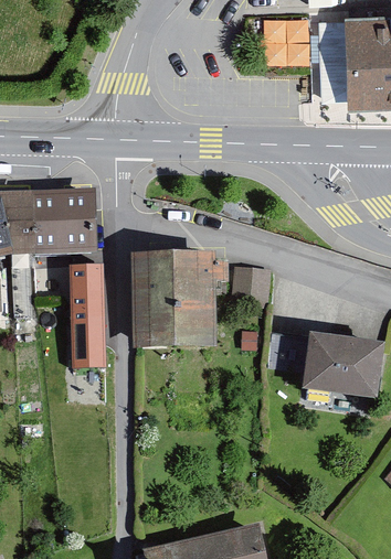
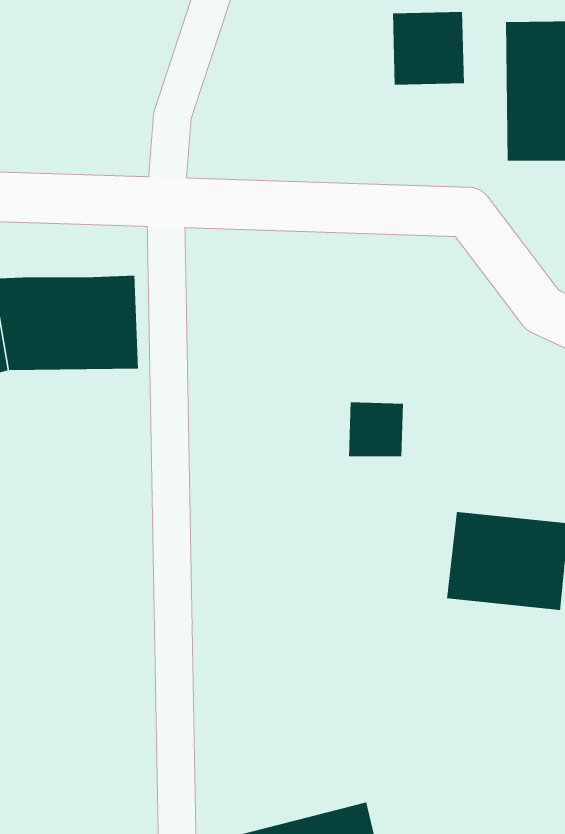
building: [130,260,215,355] -> none
building: [70,262,107,366] -> none

